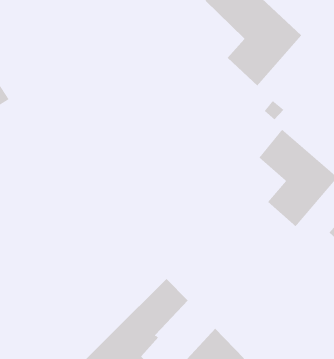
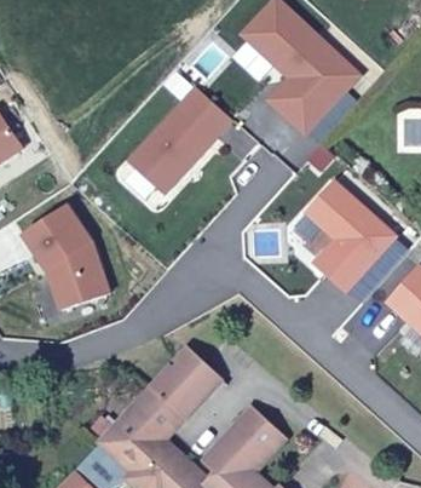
building: none -> [129,85,230,193]
building: none -> [21,203,109,308]

